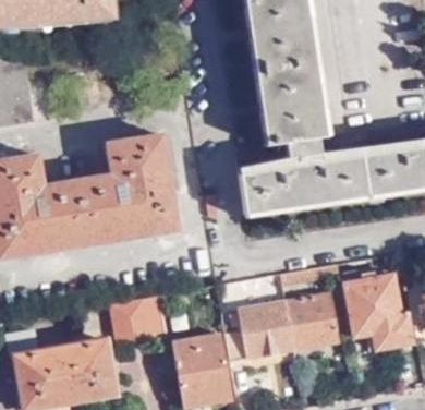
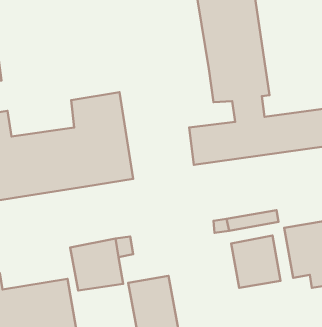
building: [224,301,295,361] -> none

